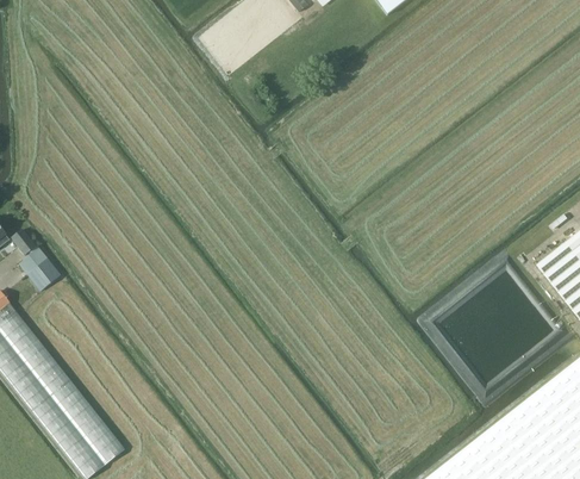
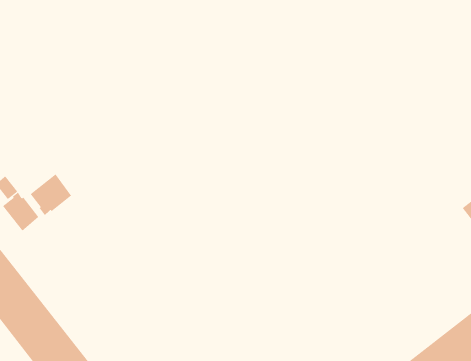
building: none -> [30,173,72,216]

